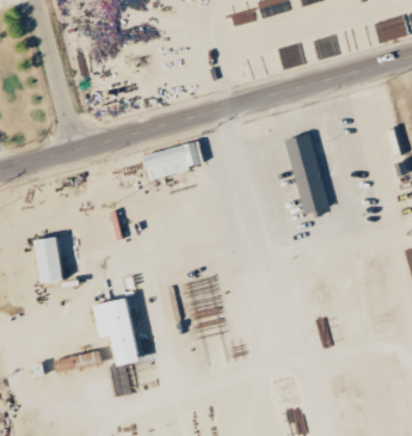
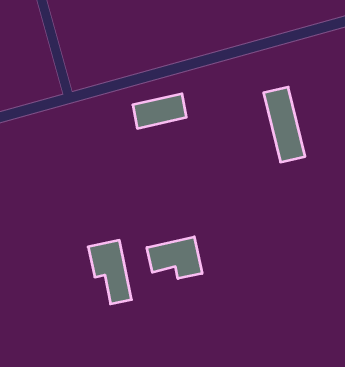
building: [36,235,64,283] -> none
building: none -> [147,237,202,279]

